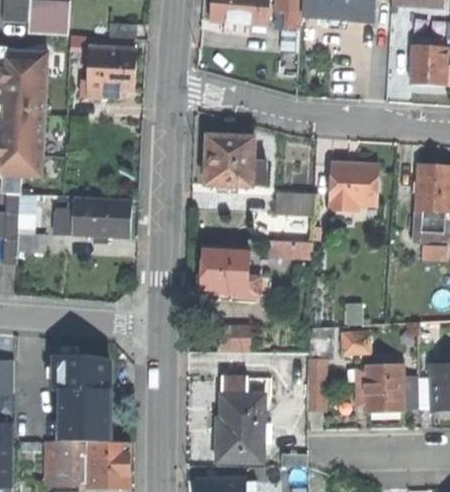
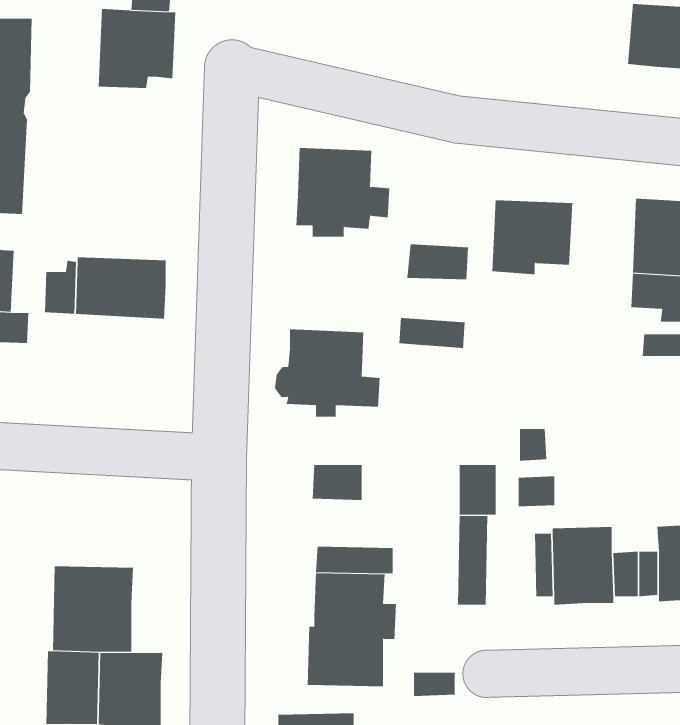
building: [54,357,109,390] -> none

